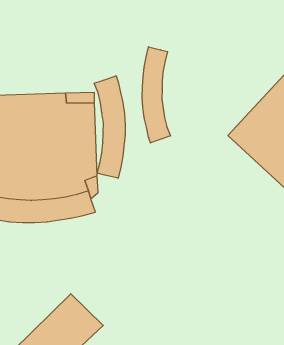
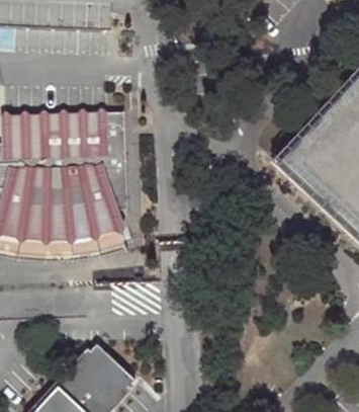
building: [142,47,170,143] -> none
building: [94,76,125,178] -> none

